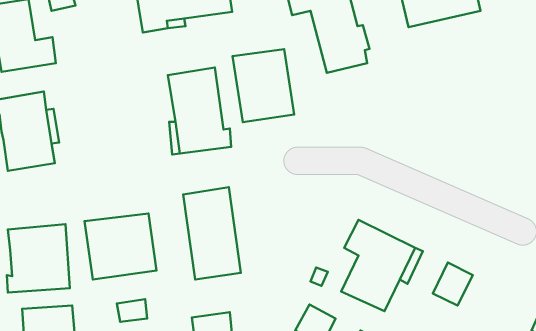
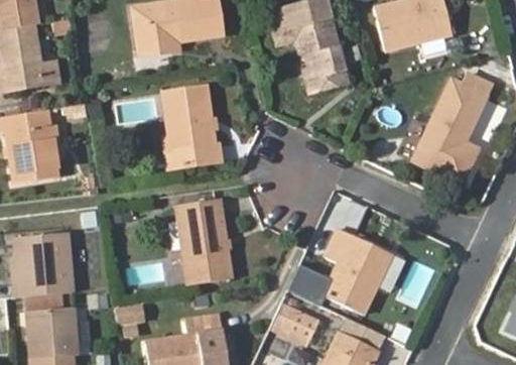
building: [233,49,294,122] -> none
building: none -> [412,75,491,184]
building: [85,214,156,279] -> none
building: [433,262,473,305] -> none

